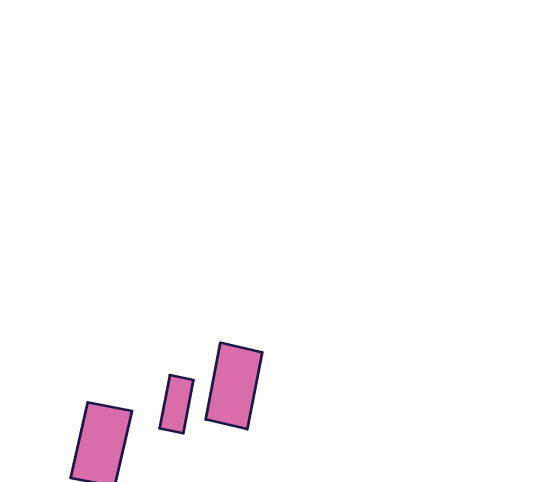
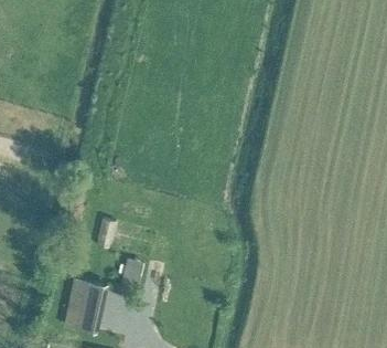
building: [206,343,262,429] -> none

